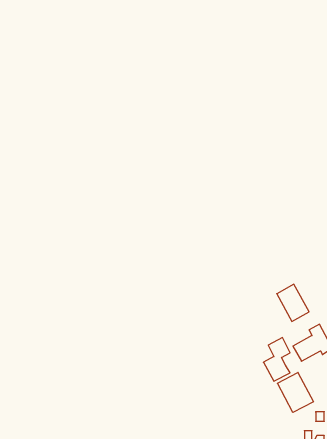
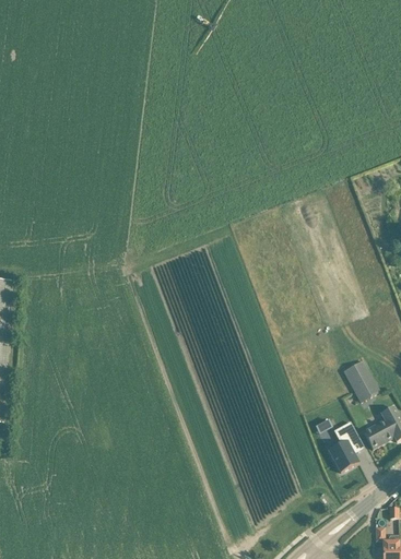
building: [277,372,313,412] -> none

